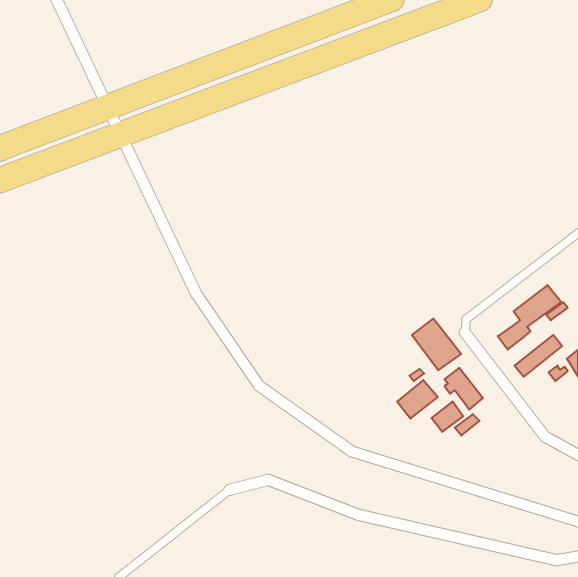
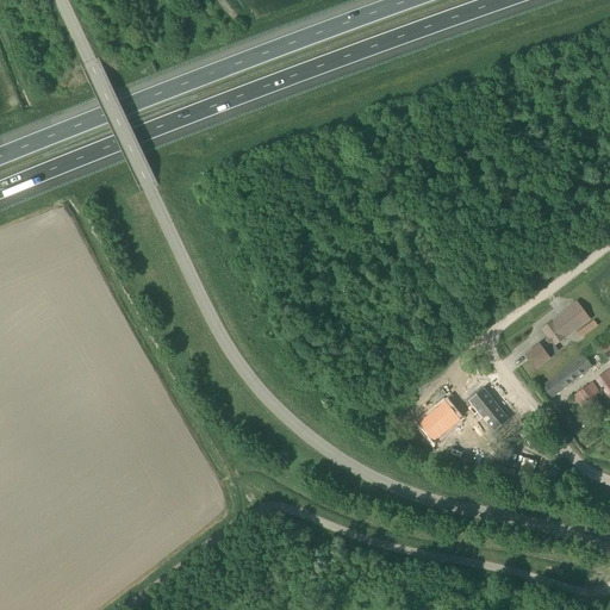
building: [412,319,461,370] -> none
building: [432,401,463,432] -> none

